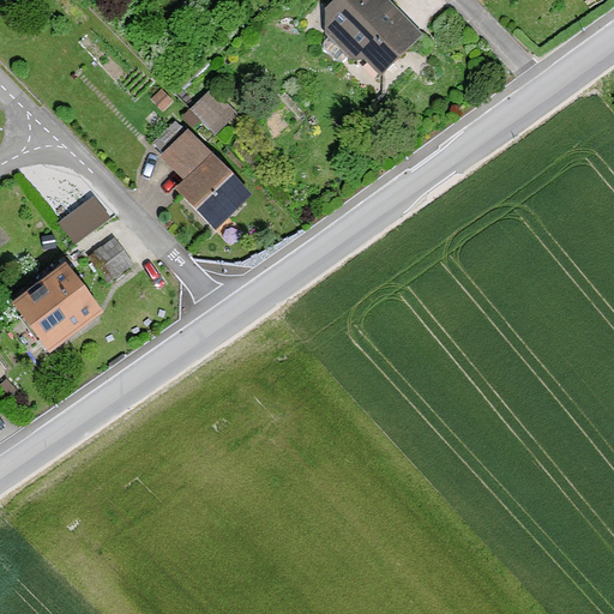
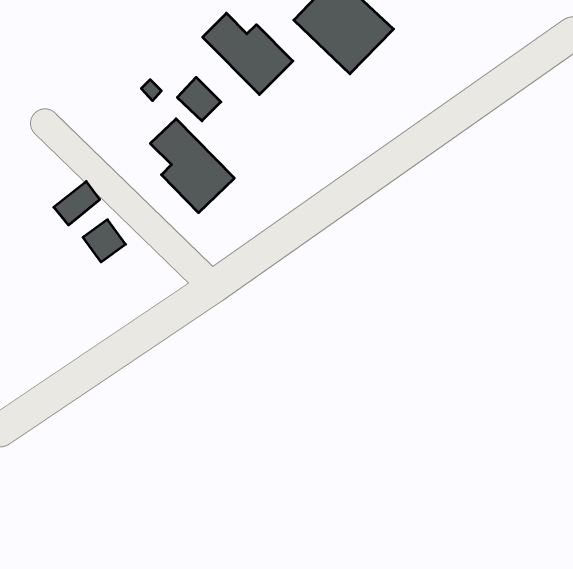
building: none -> [203,13,293,95]
building: [14,264,103,353] -> none

